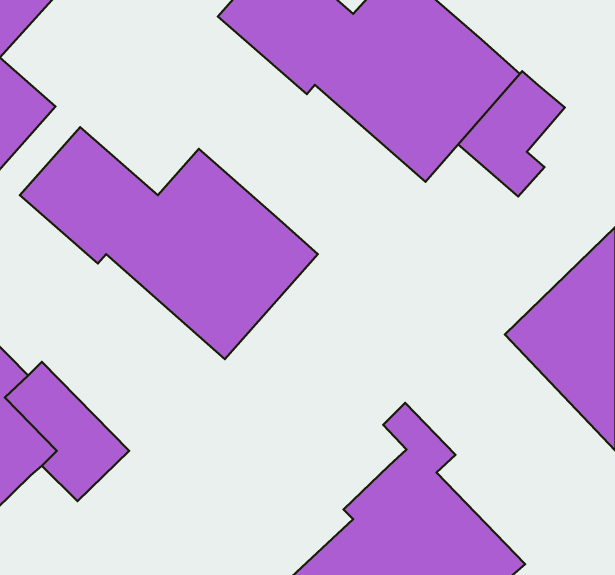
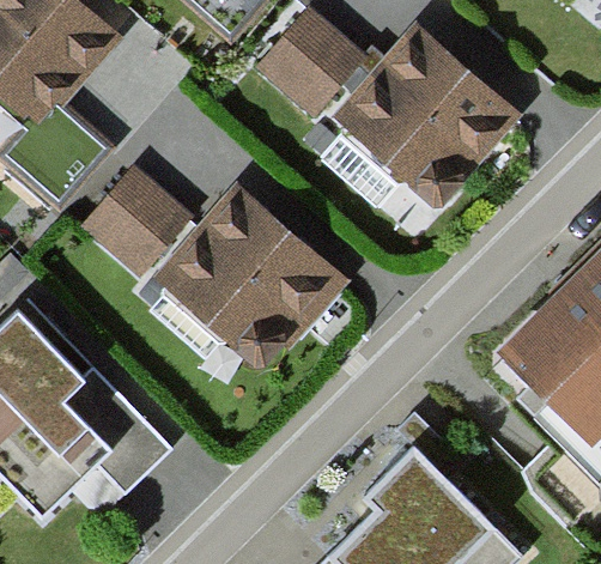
building: [458,71,565,196] -> none

